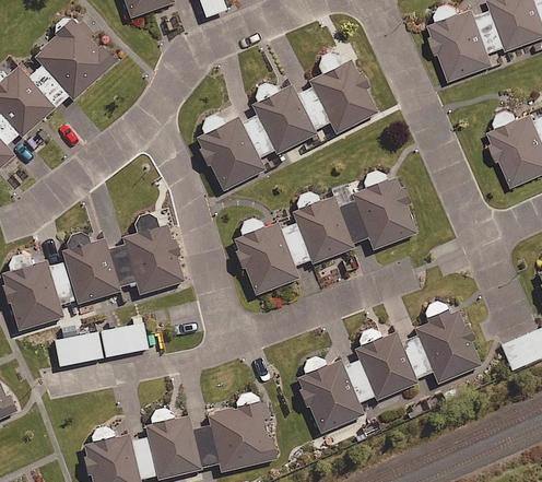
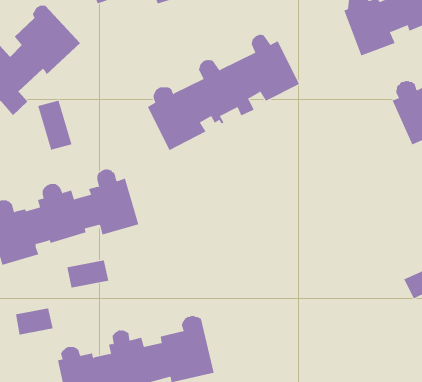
building: none -> [37,100,72,150]
building: [234,171,416,295] -> none
building: [298,299,479,433] -> none
building: [56,332,102,365] -> [15,308,53,335]

